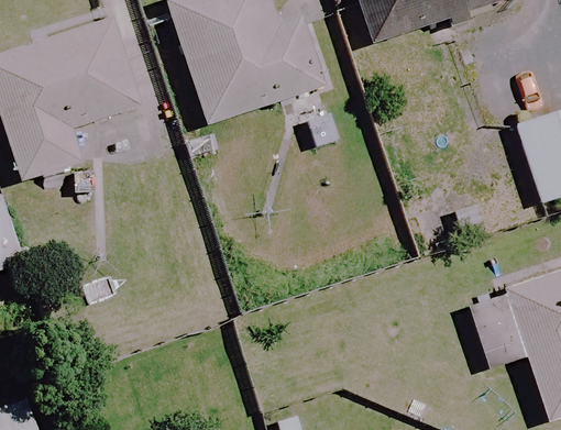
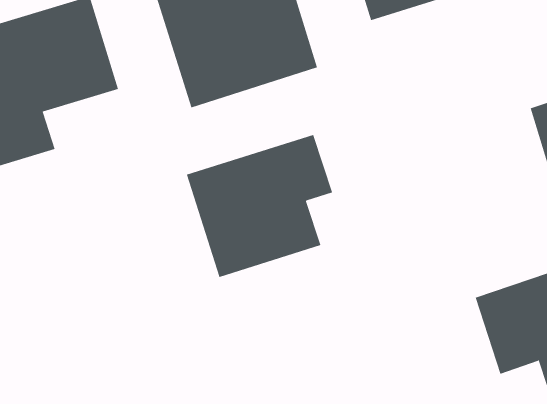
building: none -> [186,134,333,278]

